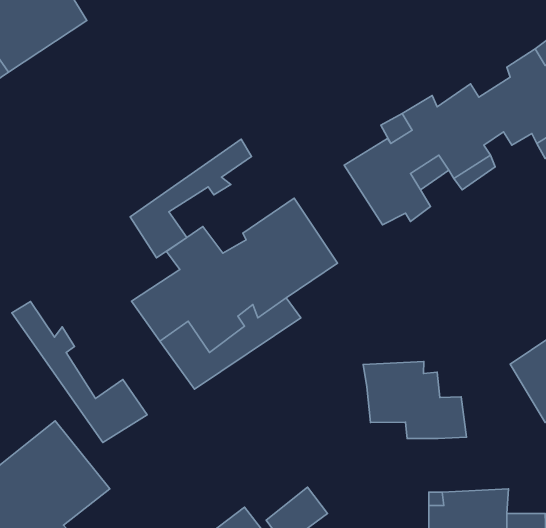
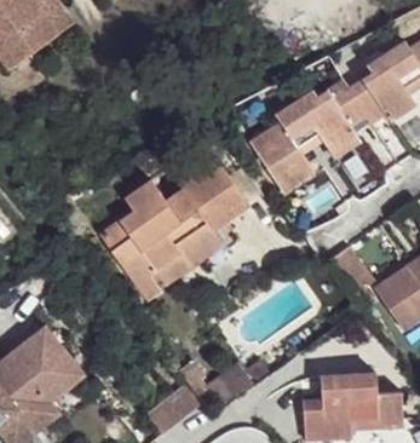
building: [130,139,252,258] -> none
building: [12,302,147,443] -> none
building: [363,361,467,438] -> none

